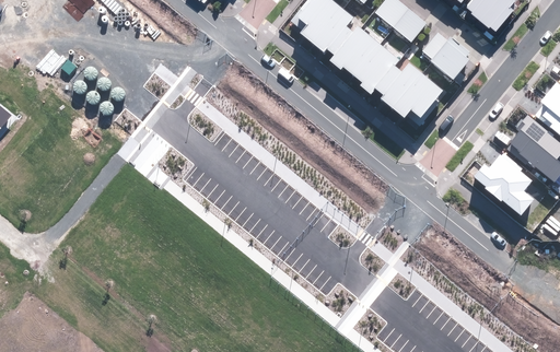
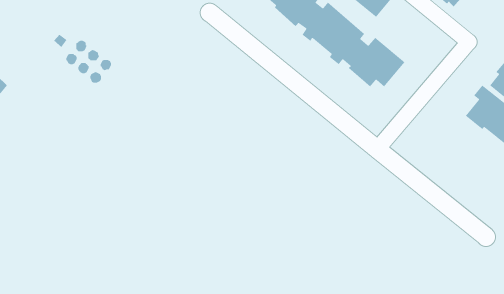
building: [421,33,470,80] -> none
building: [475,152,535,215] -> none

